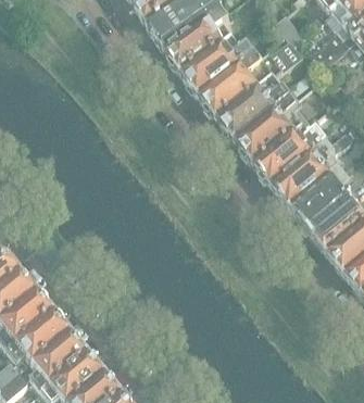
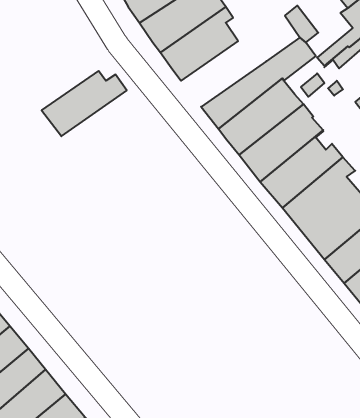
building: [187,38,262,96] -> [42,71,127,136]

